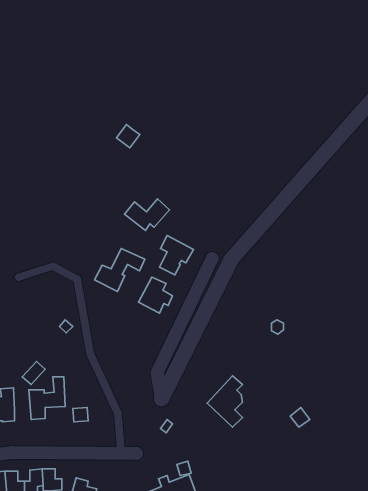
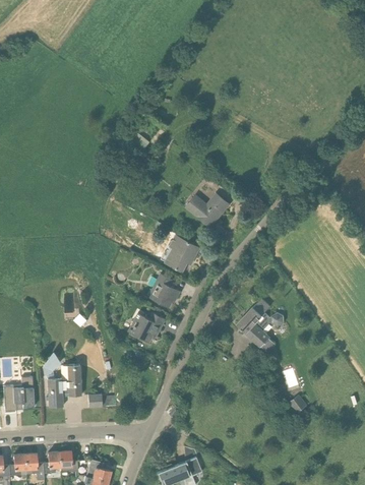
building: [125,199,170,231] -> [187,194,229,224]
building: [95,249,145,292] -> none
building: none -> [128,312,166,343]
building: [207,376,242,427] -> [237,299,269,347]

